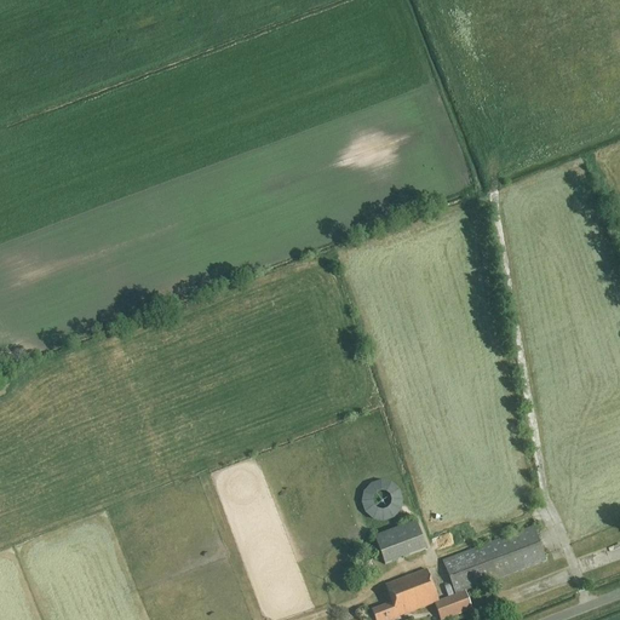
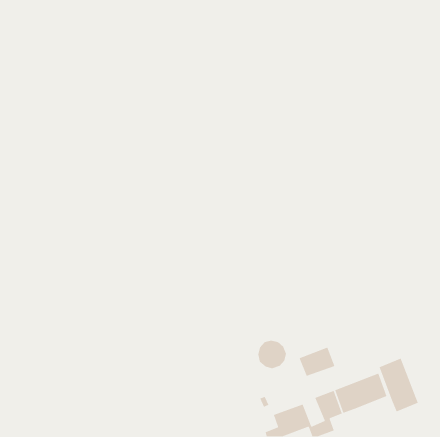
building: none -> [378,357,419,413]
building: [373,519,425,562] -> [298,347,335,377]

